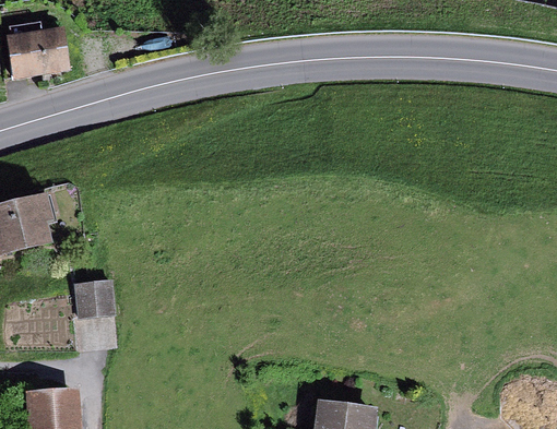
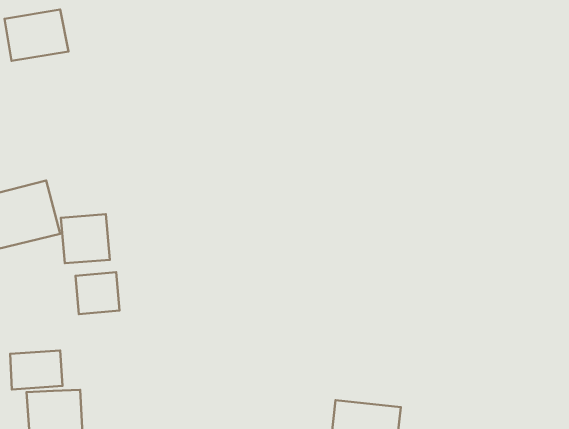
building: none -> [61,214,110,263]
building: none -> [10,351,62,389]

